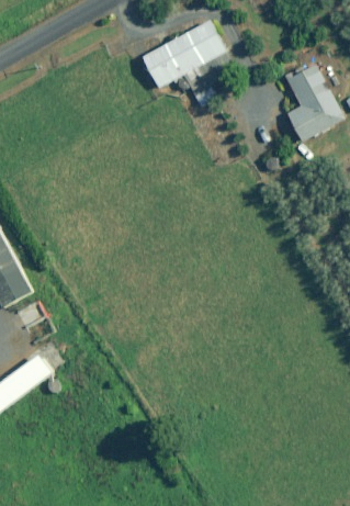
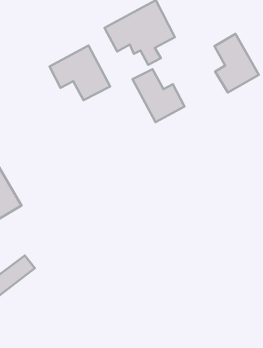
building: none -> [50,46,110,100]
building: none -> [133,69,184,122]

